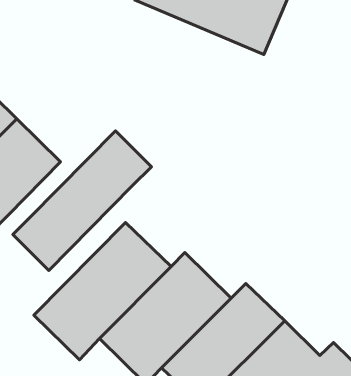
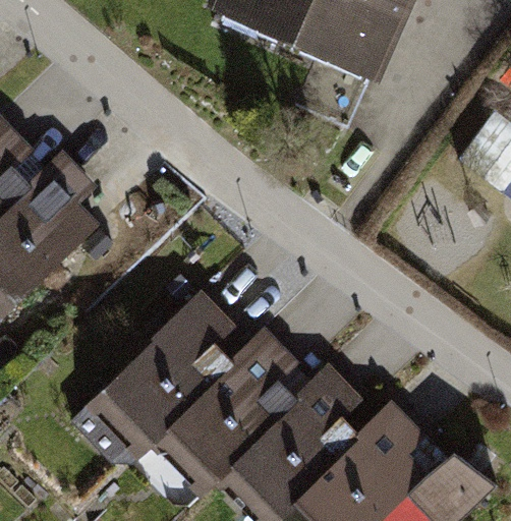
building: [13,131,151,271] -> none

